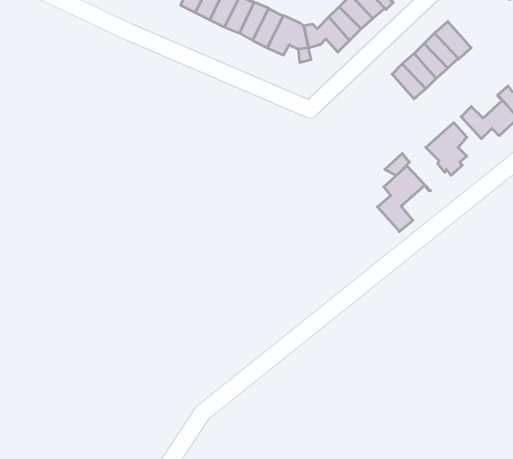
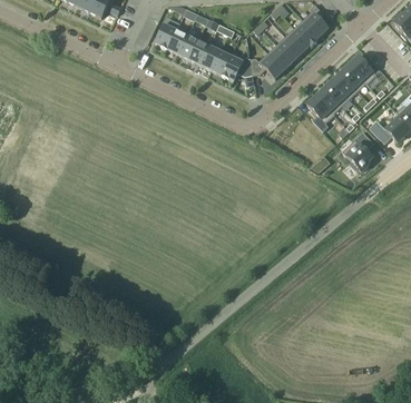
building: none -> [305,96,334,131]
building: [377,166,431,232] -> none

